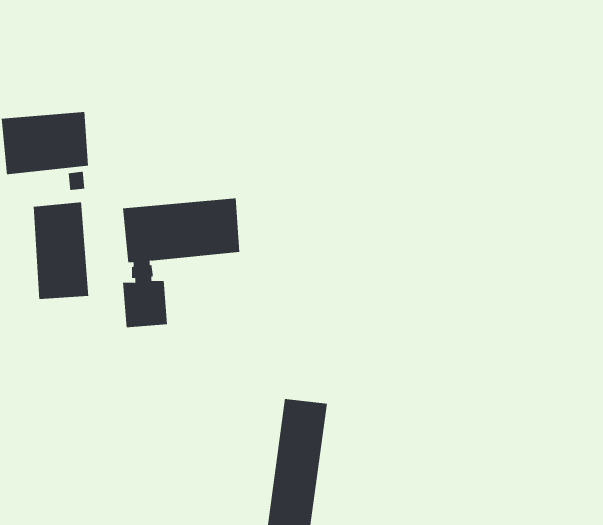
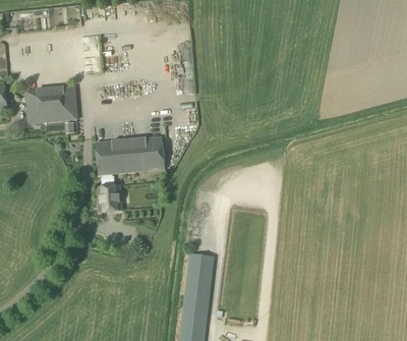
building: [33,201,89,300] -> none

